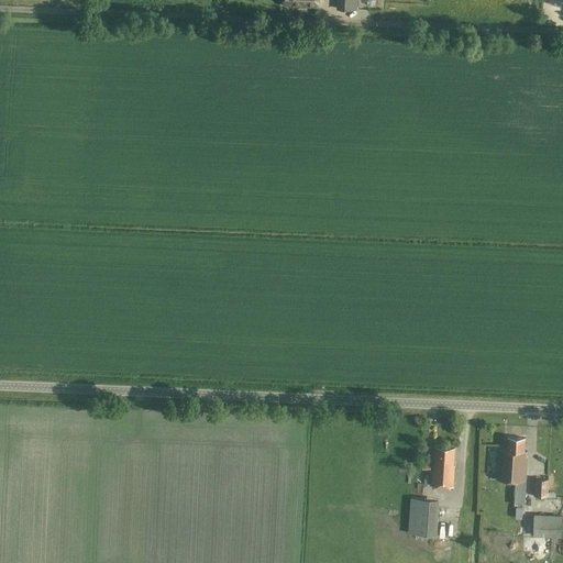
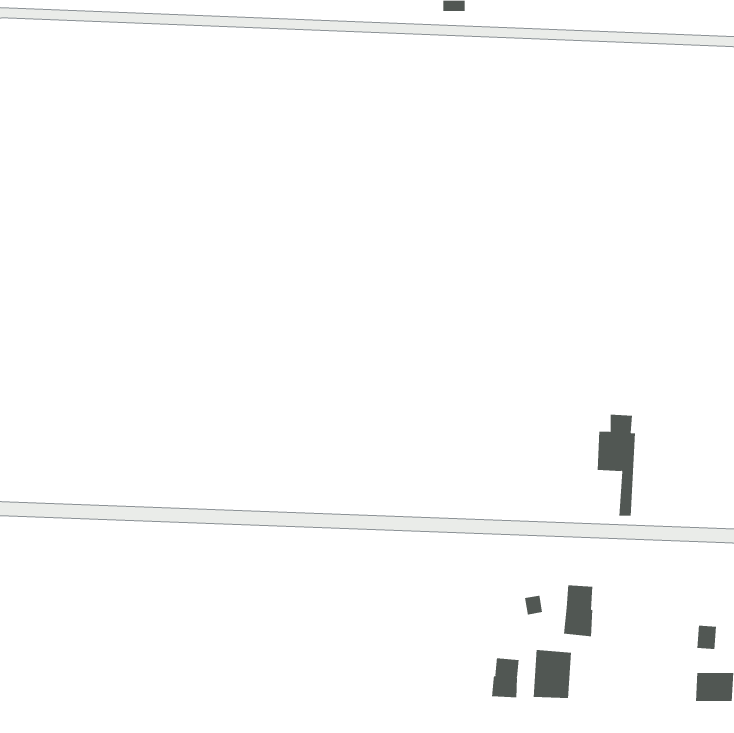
building: [497,438,527,516] -> [597,414,636,516]
building: none -> [491,657,519,698]

